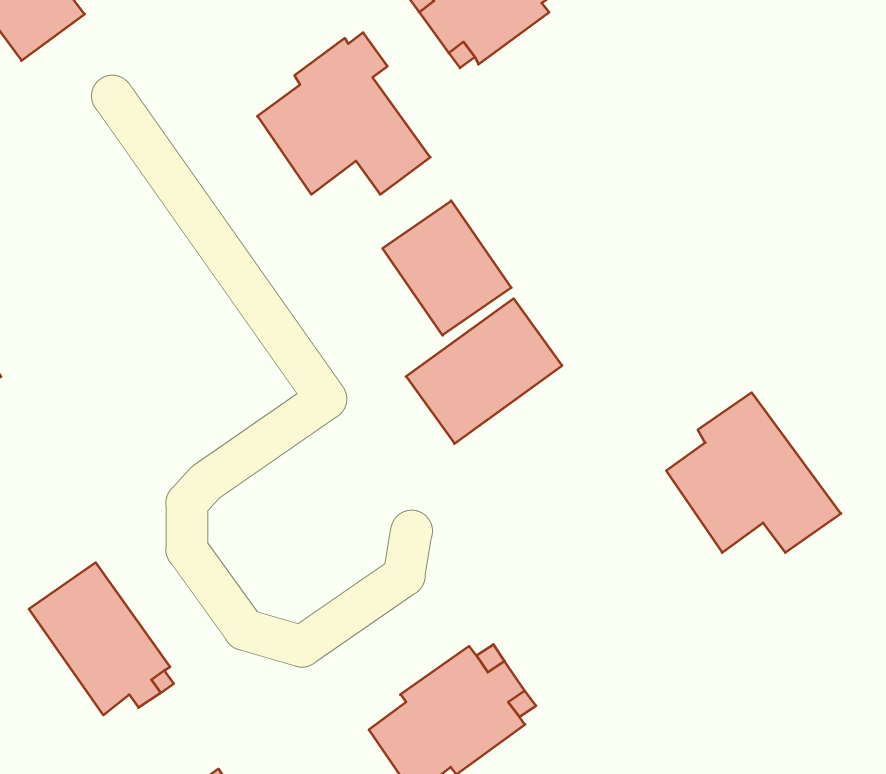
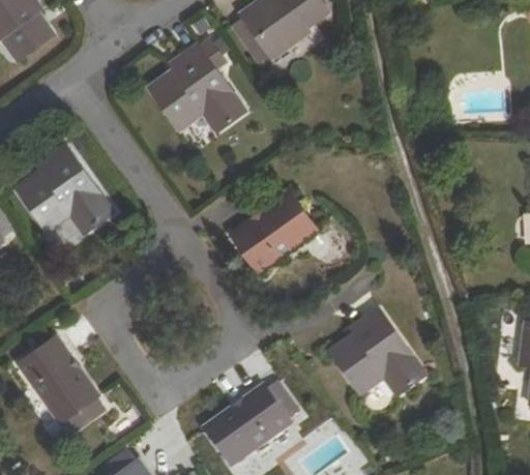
building: [383,201,511,335] -> none
building: none -> [18,147,115,234]
building: [666,393,841,553] -> [330,307,428,396]

